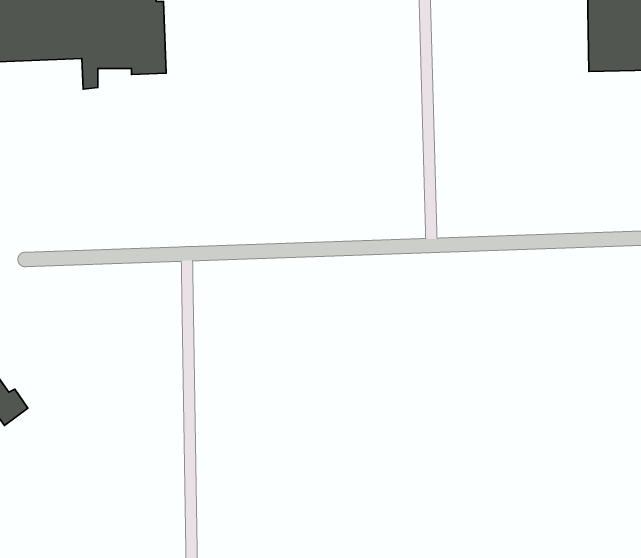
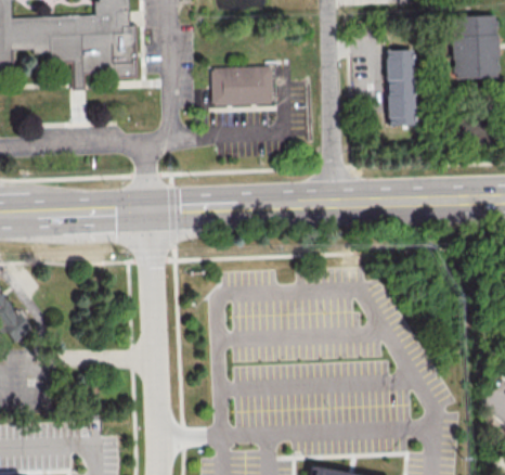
building: none -> [387,50,416,127]
building: none -> [213,66,276,107]

